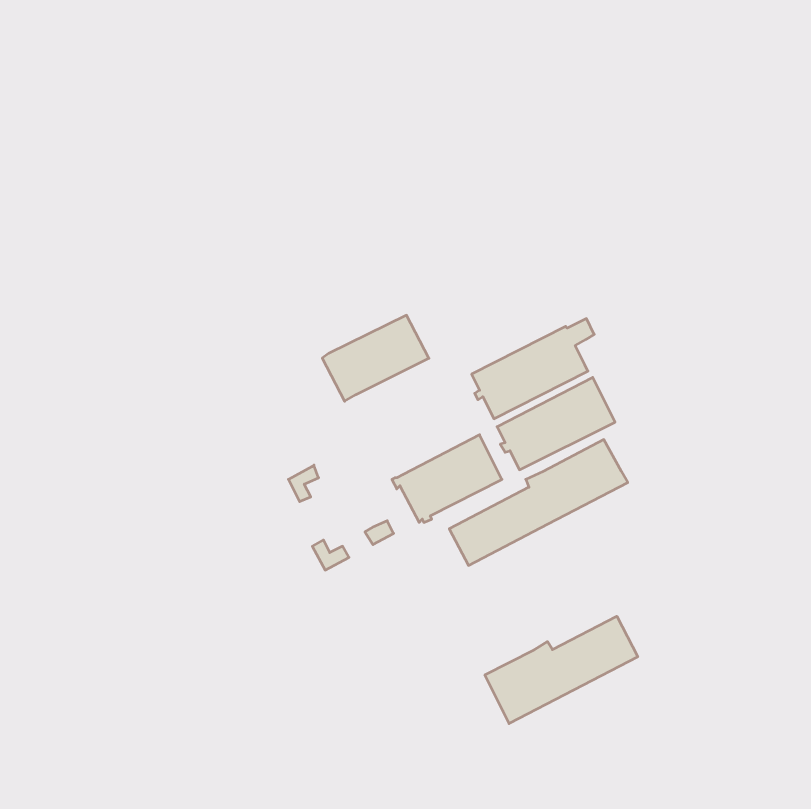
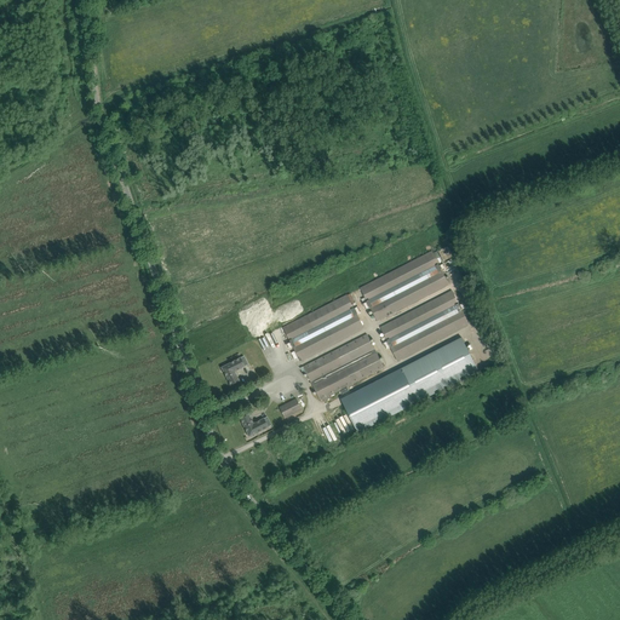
building: [322,315,429,401] -> [281,292,362,357]
building: [485,616,638,724] -> none

